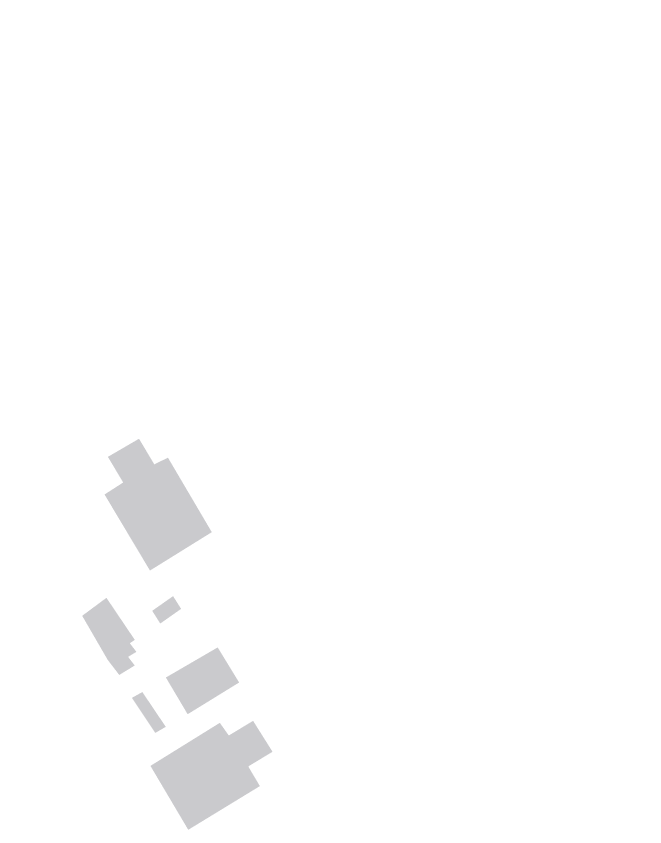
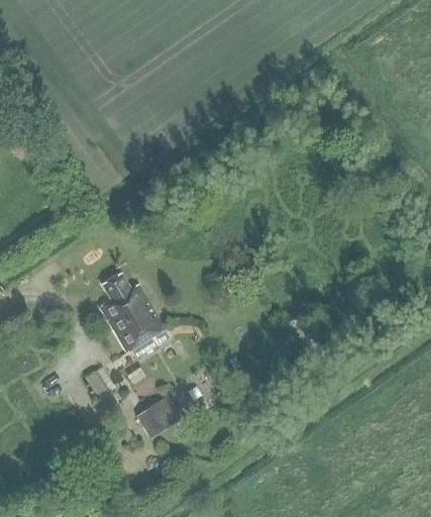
building: [150,720,273,831] -> none

